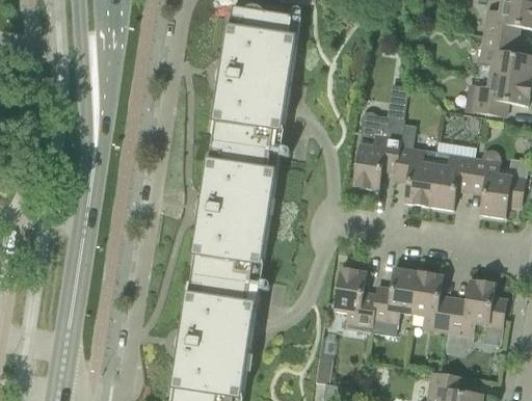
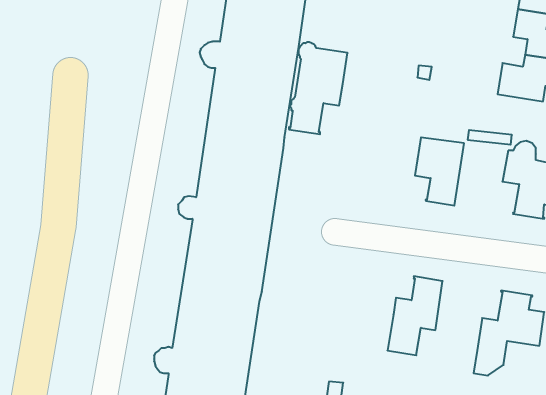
building: [352,110,403,190] -> [289,42,348,134]
building: [428,152,475,210] -> none
building: [335,268,375,331] -> none
building: [411,271,452,331] -> none

